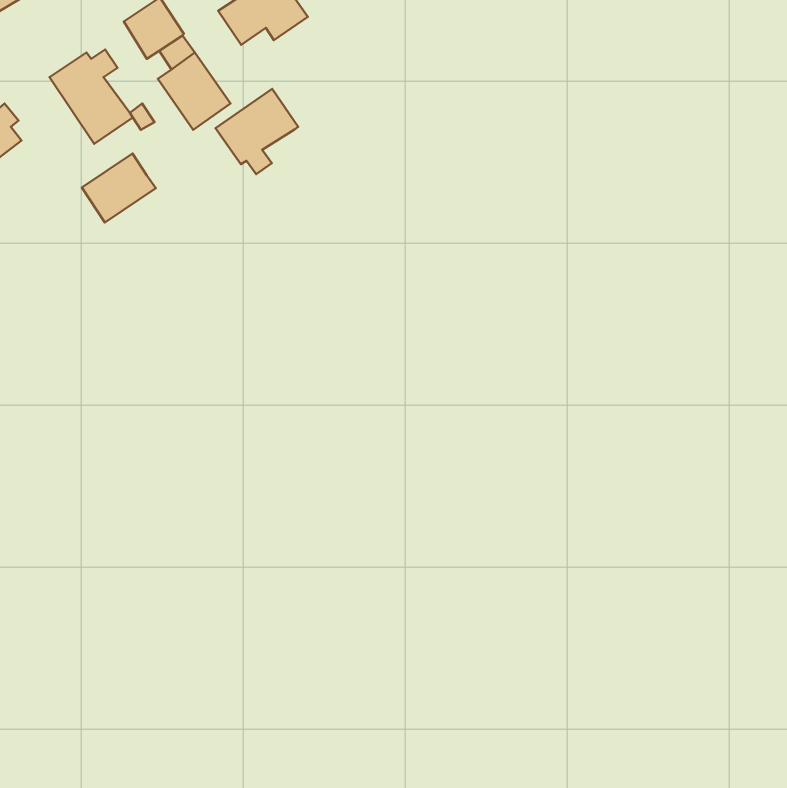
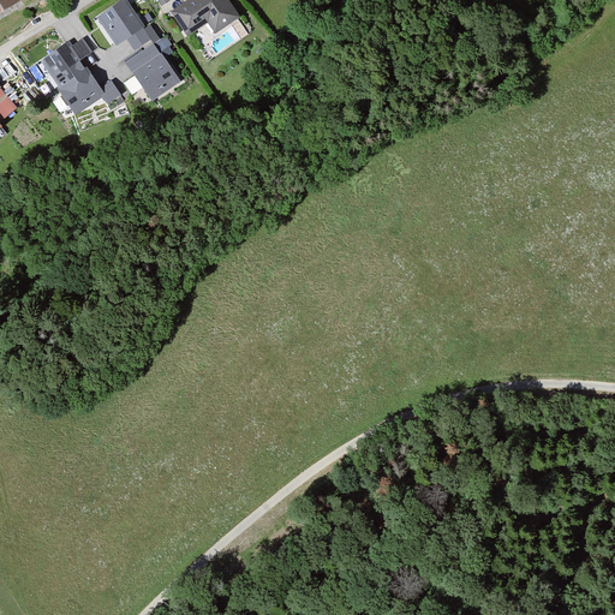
building: [216,89,298,174] -> none
building: [82,153,156,222] -> none

